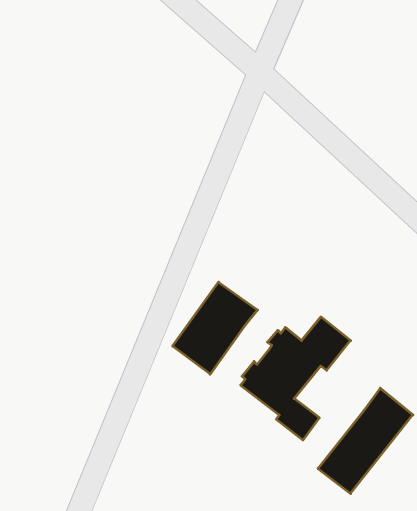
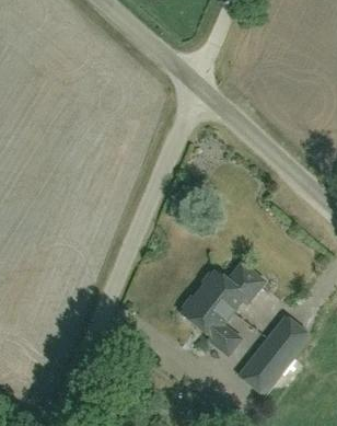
building: [173,282,258,374] -> none

